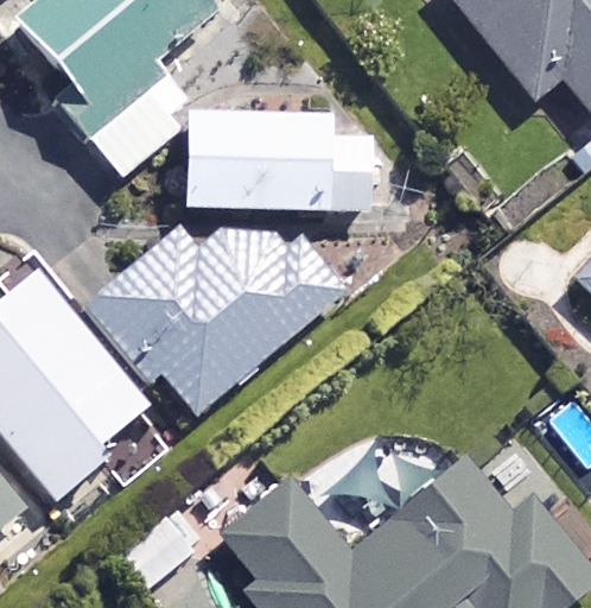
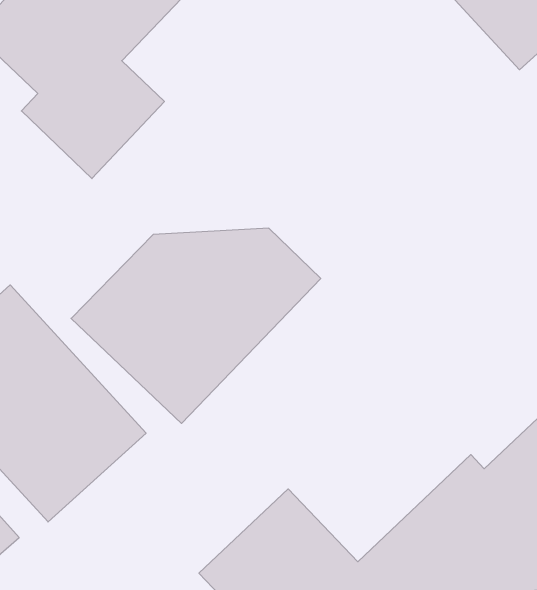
building: [188,113,376,211] -> none

